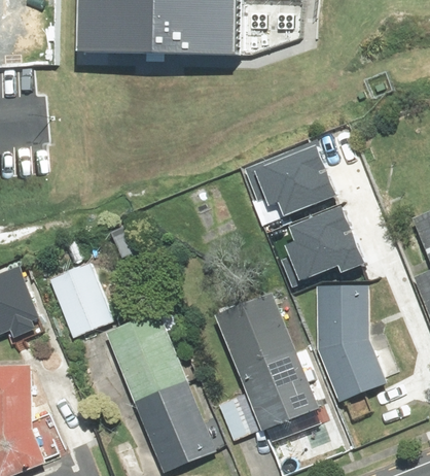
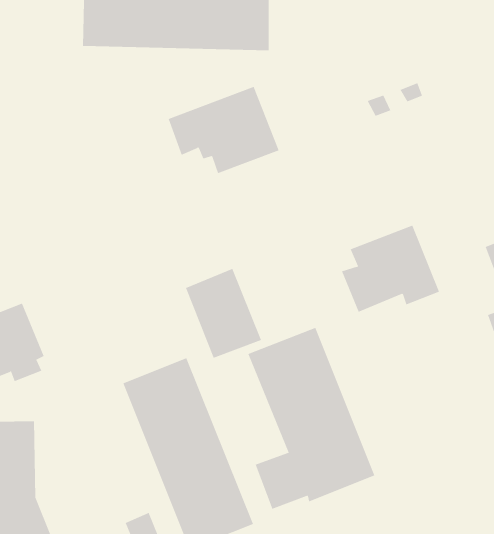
building: [246,139,341,213] -> [168,86,280,174]
building: [48,262,113,338] -> [185,268,262,358]
building: [317,287,388,406] -> none

